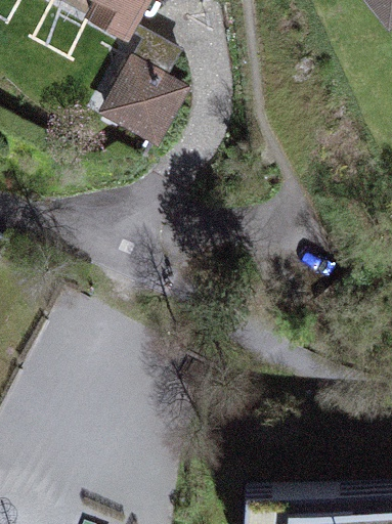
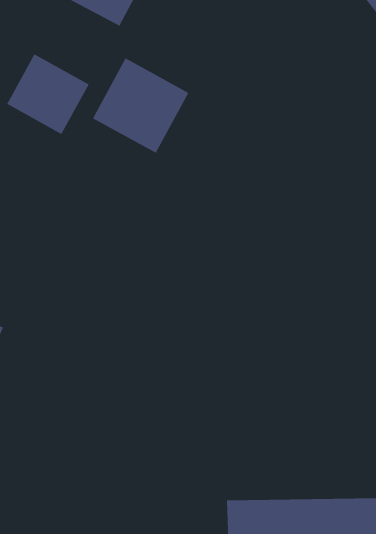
building: none -> [6,54,89,135]

